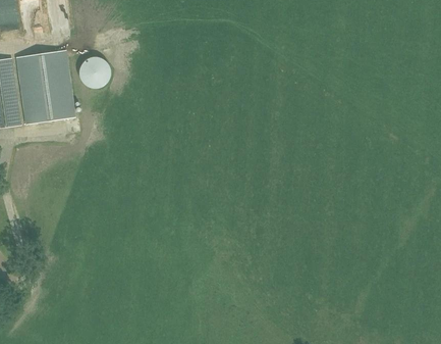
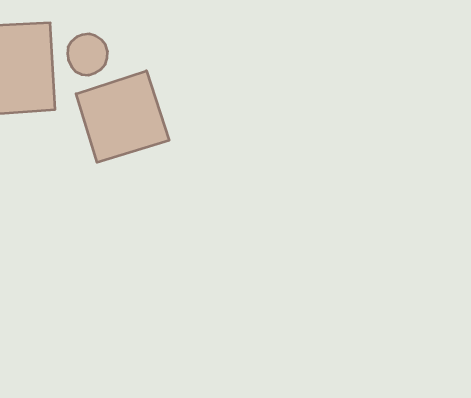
building: none -> [76,71,169,162]

